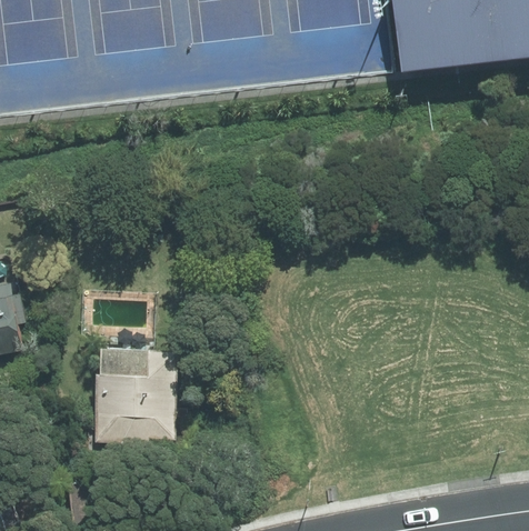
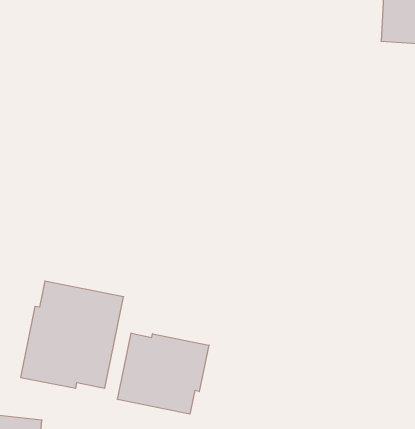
building: none -> [117,333,209,414]

